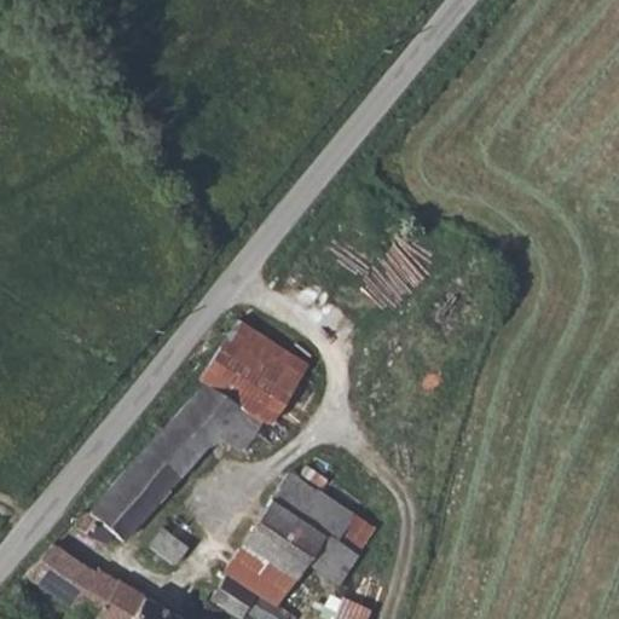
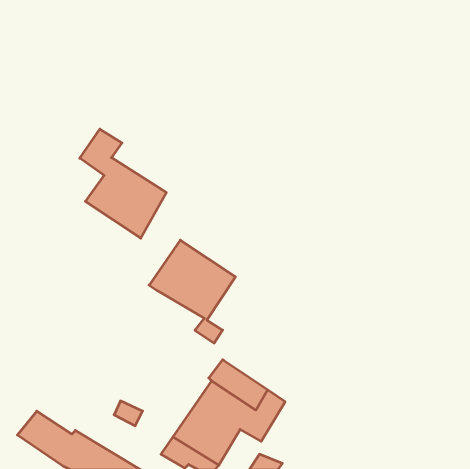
building: none -> [80,129,166,238]
building: [70,383,268,548] -> none

